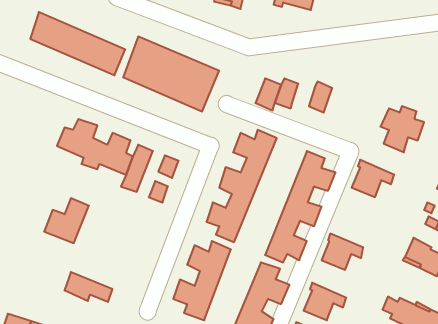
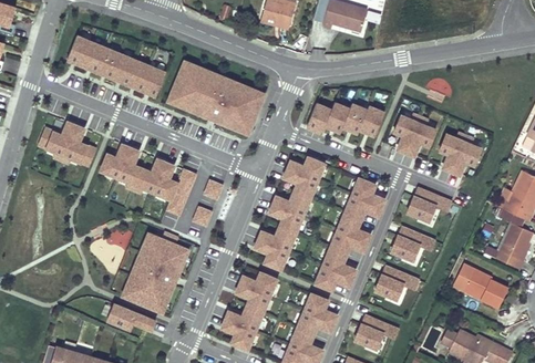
building: none -> [342,102,367,134]
building: none -> [390,110,435,158]
building: none -> [49,120,93,167]
building: none -> [389,222,433,261]
building: none -> [120,230,188,314]

